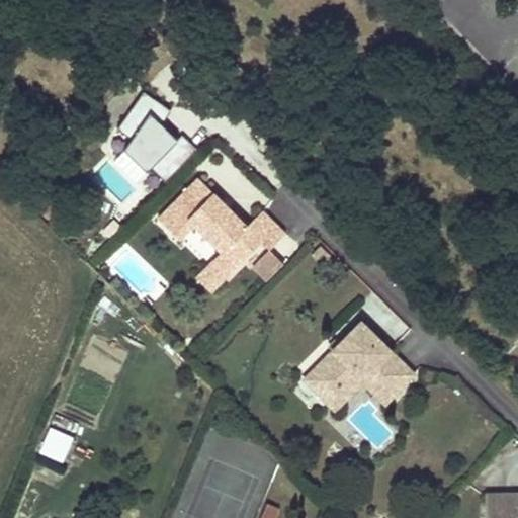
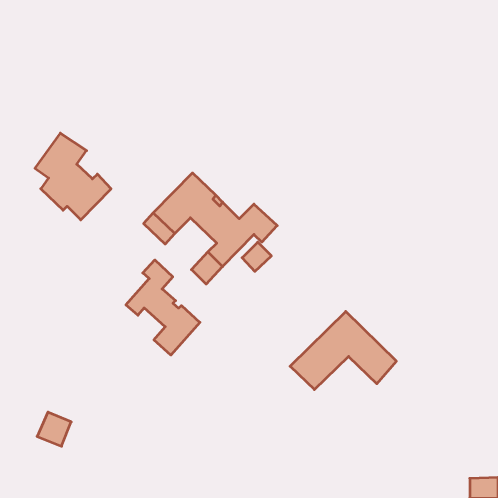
building: [118,94,197,184] -> [35,133,111,220]
building: none -> [126,260,200,355]
building: [326,369,391,412] -> none

